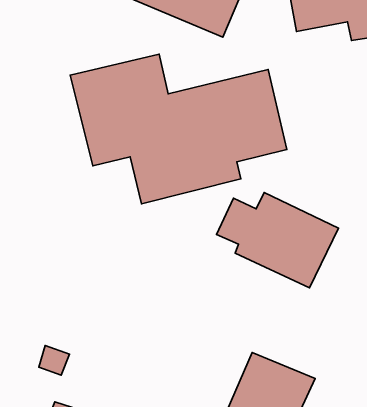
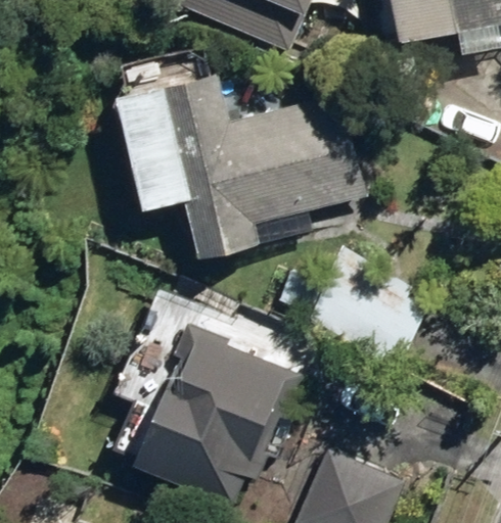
building: none -> [125,323,292,505]

